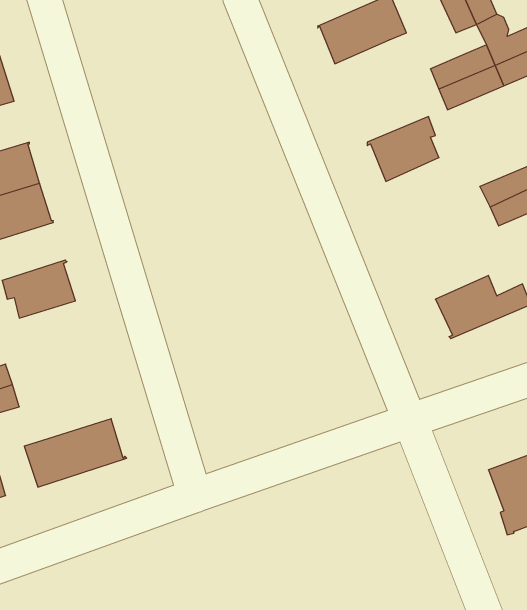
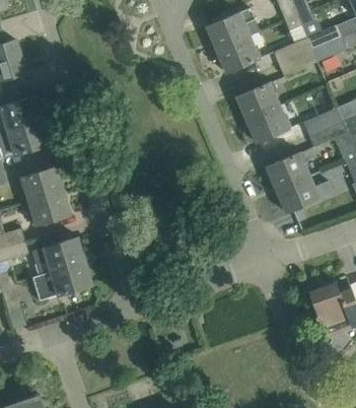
building: none -> [216,35,262,72]
building: none -> [246,105,291,142]
building: none -> [266,150,307,189]
building: none -> [28,190,70,225]
building: none -> [35,235,83,274]

